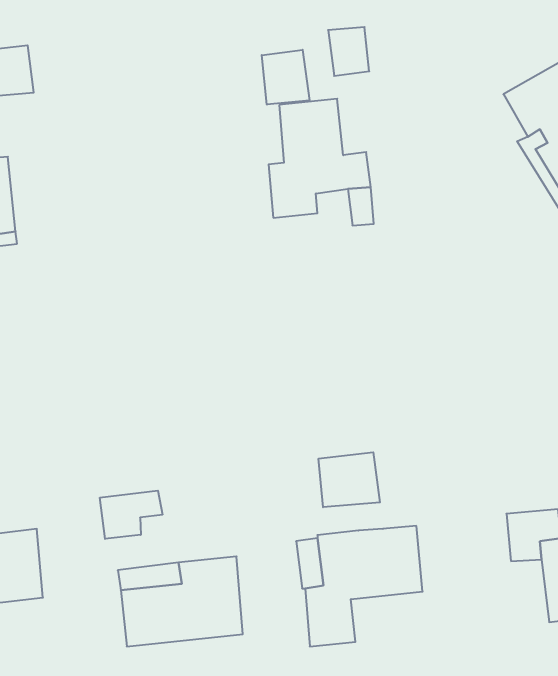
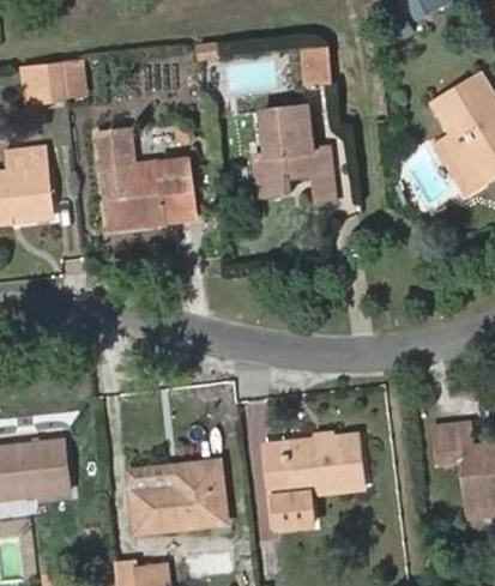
building: [262,50,309,105] -> none
building: none -> [90,128,186,229]
building: [319,452,380,507] -> none
building: [100,491,162,539] -> none

